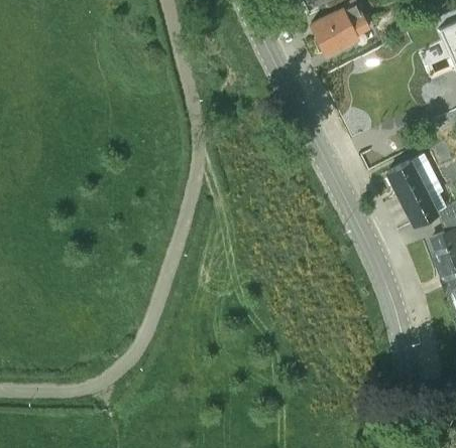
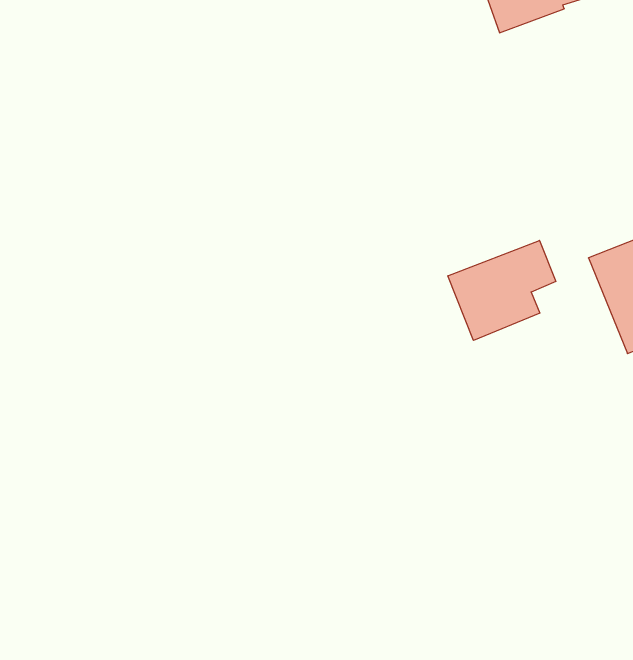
building: none -> [448,240,556,340]

